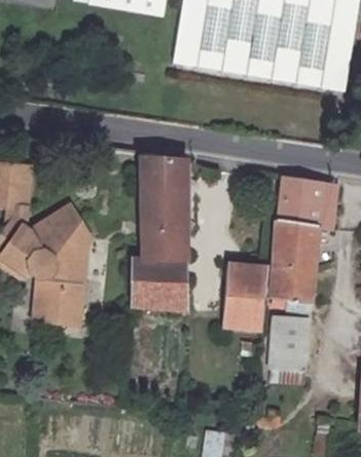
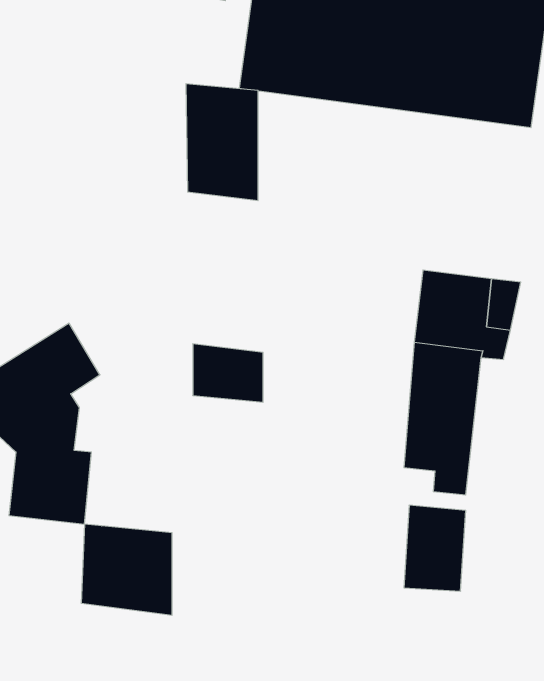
building: [143,156,186,226] -> [186,84,258,201]
building: [132,251,186,305] -> [81,524,172,615]
building: [223,263,265,328] -> none

